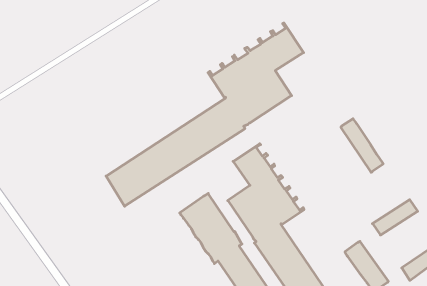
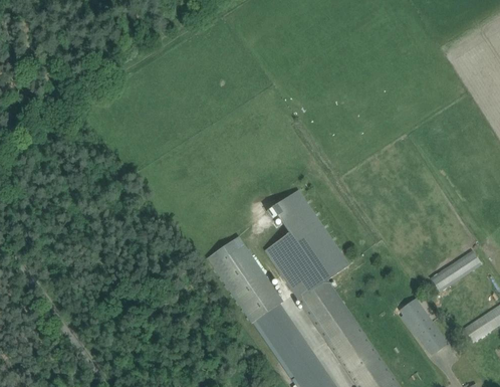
building: [106,23,304,206] -> none
building: [341,119,383,172] -> none

